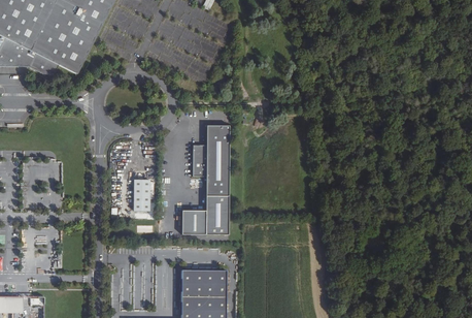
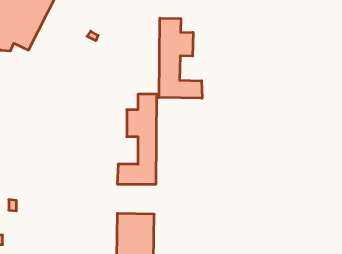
building: none -> [159,18,202,98]
building: [133,180,149,211] -> none

